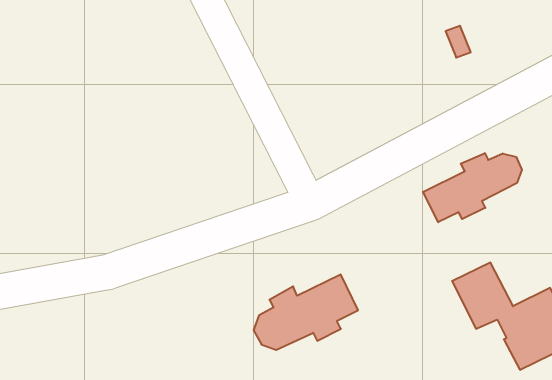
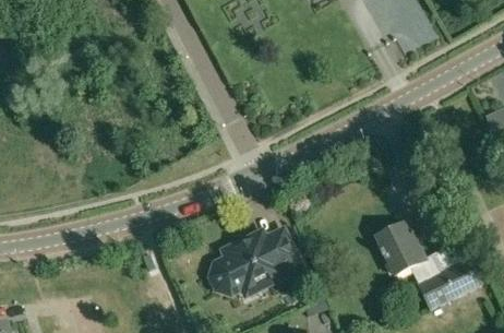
building: [423,153,522,222] -> none

